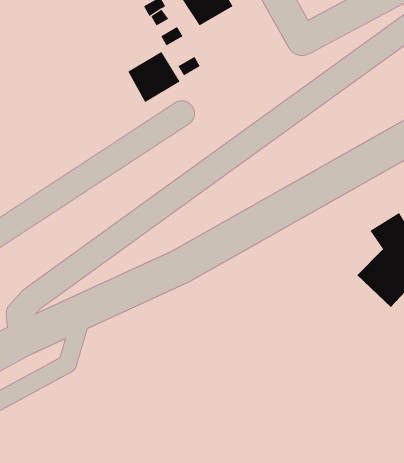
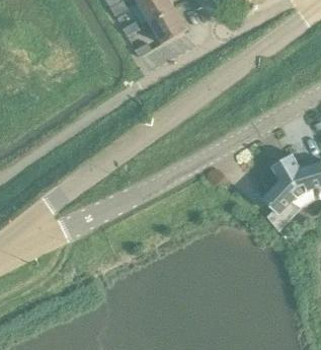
building: [128,51,181,103] -> [148,6,185,43]

